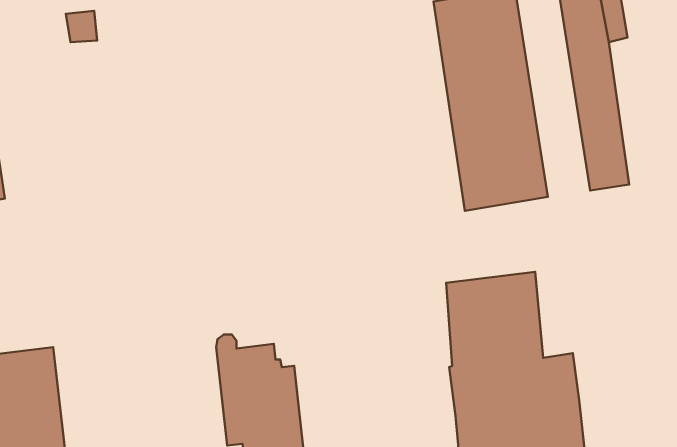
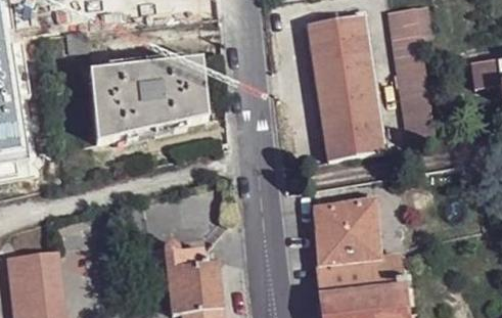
building: none -> [89,59,207,142]

